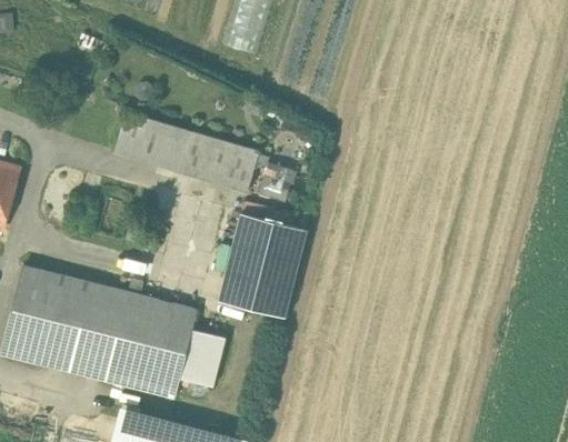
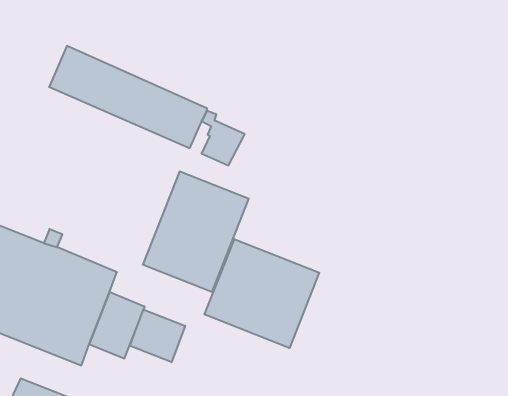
building: none -> [205,239,319,348]
building: none -> [130,309,185,362]

